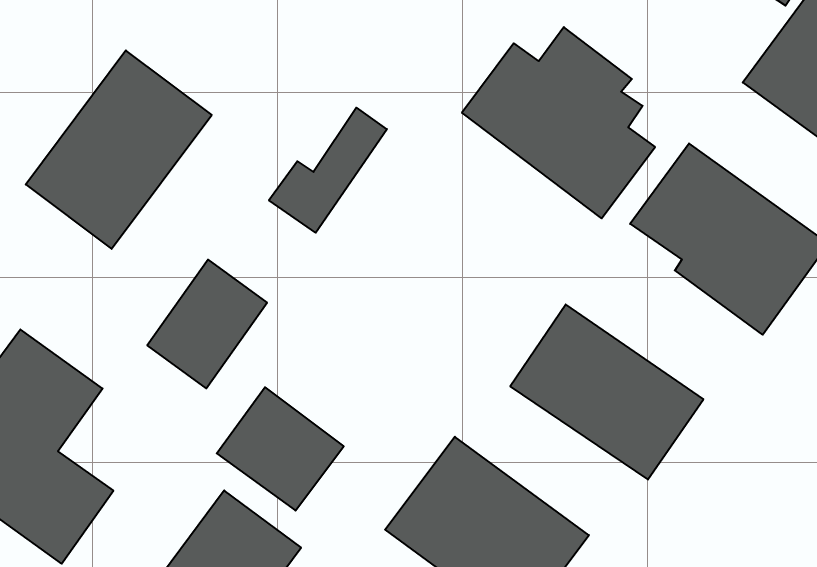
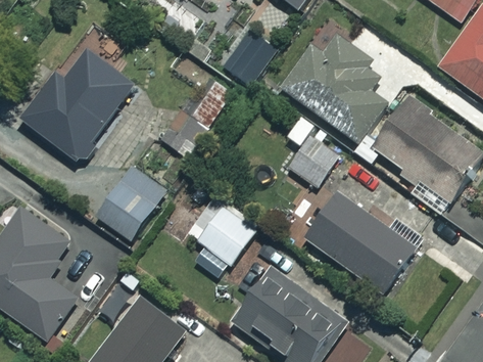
building: none -> [222,31,274,86]
building: none -> [288,132,341,187]
building: [217,387,344,511] -> [185,194,257,265]

